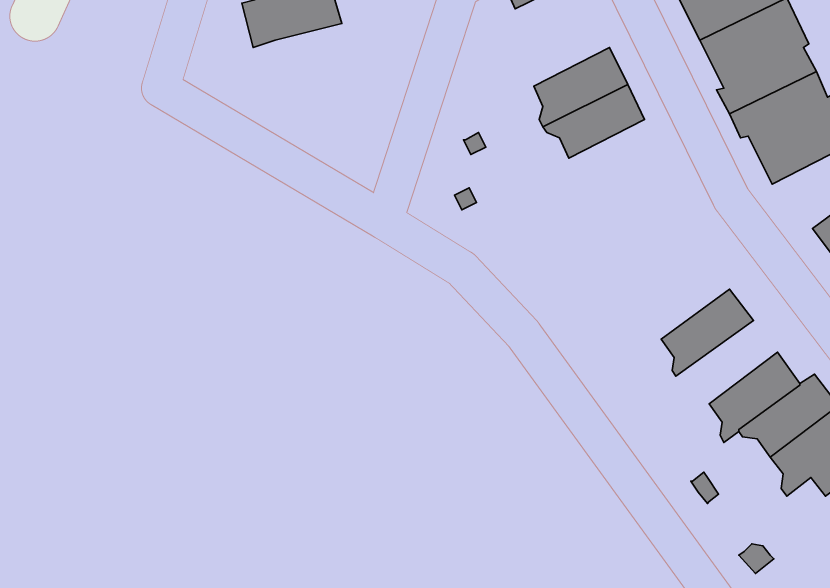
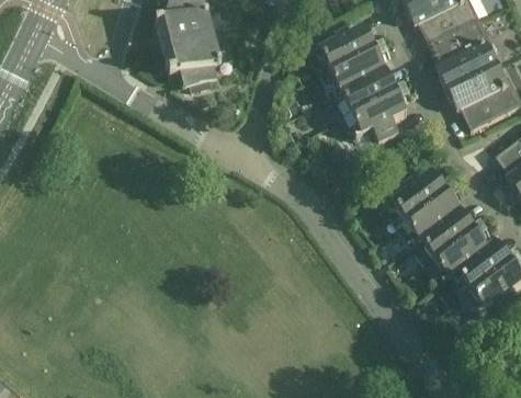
building: none -> [314,26,374,70]
building: none -> [162,33,222,83]
building: none -> [350,90,406,140]
building: none -> [386,171,445,220]
building: none -> [414,209,474,259]

